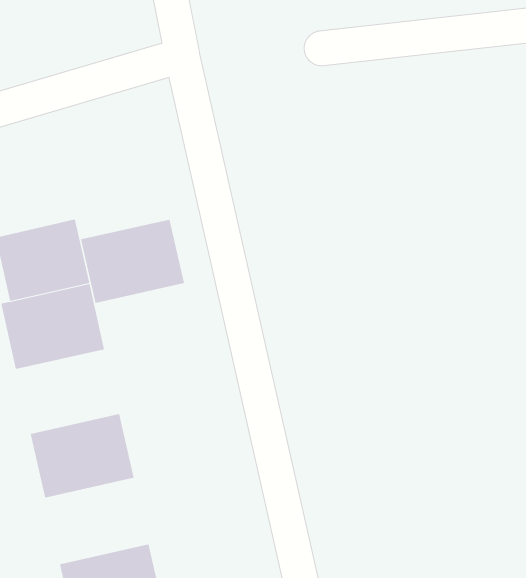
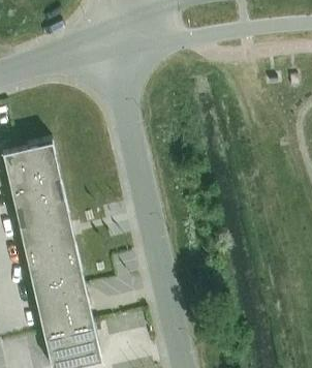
building: [80,219,185,303] -> [19,217,77,265]
building: none -> [35,289,94,338]

